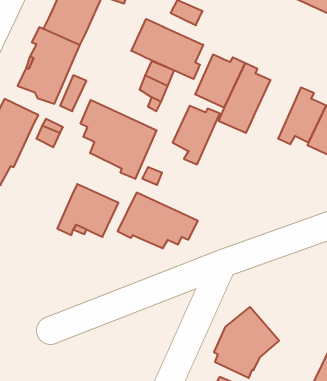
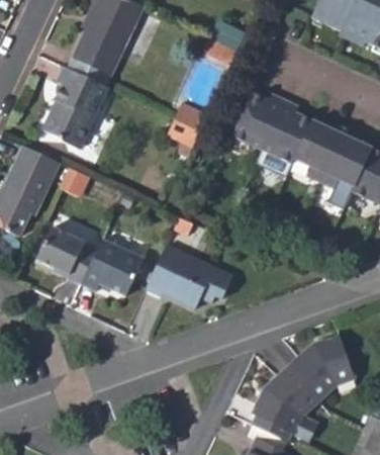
building: [131,19,203,79] -> none
building: [81,100,157,179] -> none
building: [173,106,220,164] -> [291,123,342,186]
building: none -> [38,223,97,282]
building: none -> [287,334,359,402]

